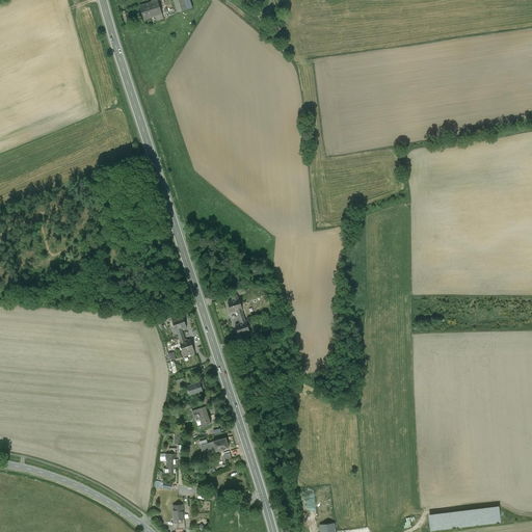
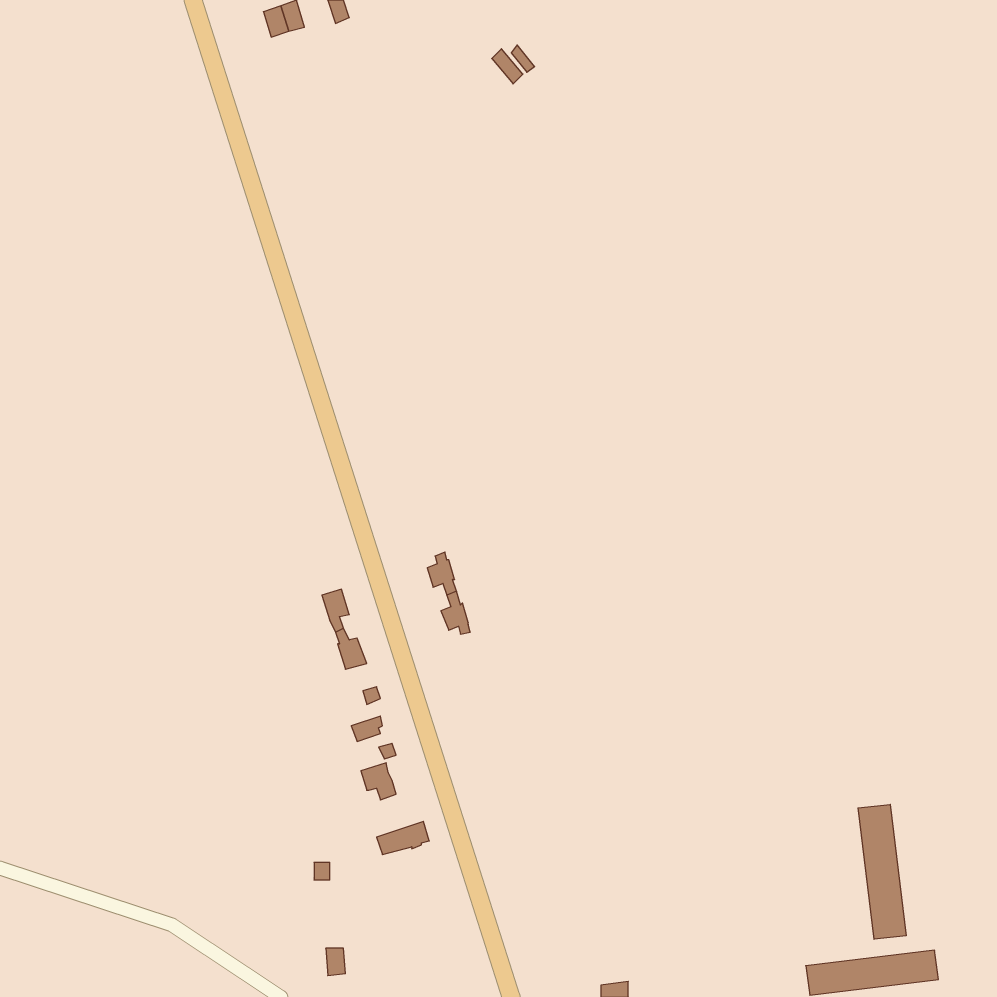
building: none -> [858,804,906,939]

